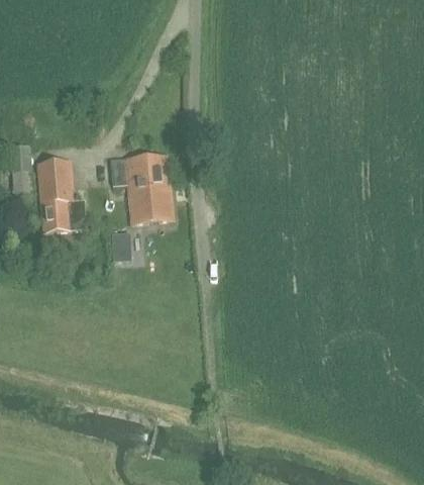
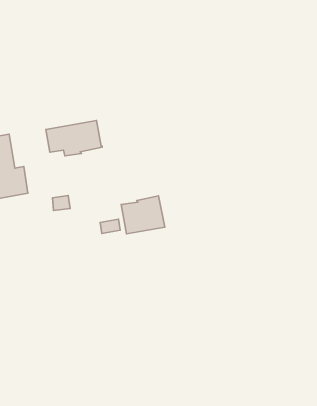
building: [128,183,174,221] -> [121,196,165,234]

